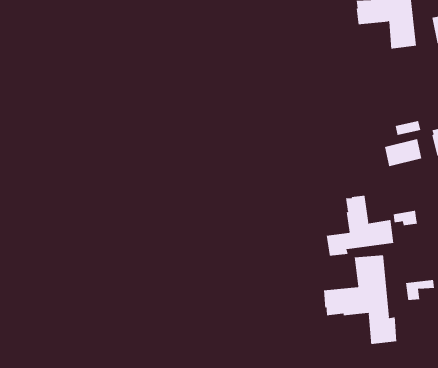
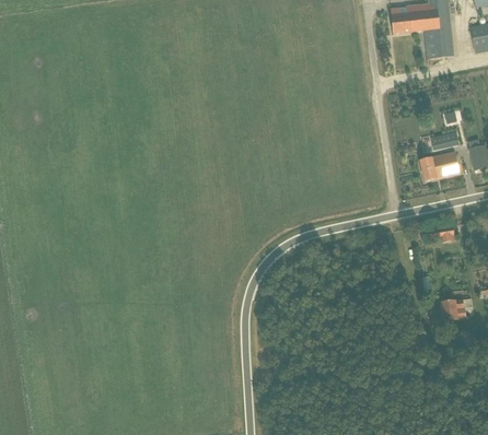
building: [326,195,394,256] -> none
building: [323,254,397,345] -> none

